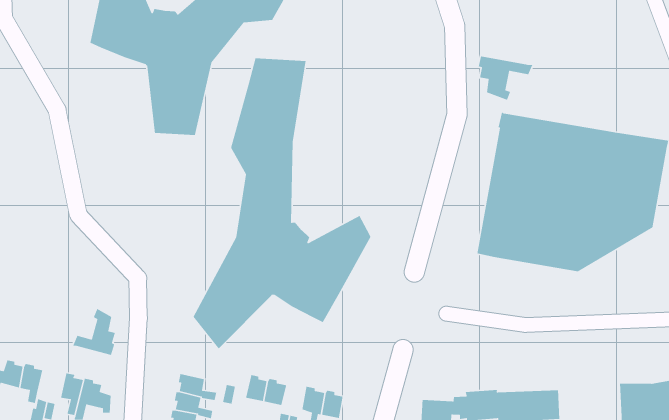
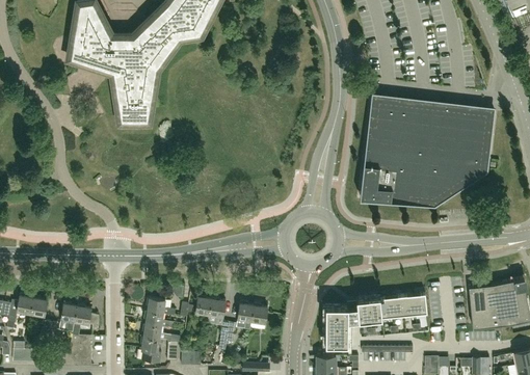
building: [478,55,533,101] -> none
building: [192,58,371,350] -> none
building: [72,308,116,356] -> none

